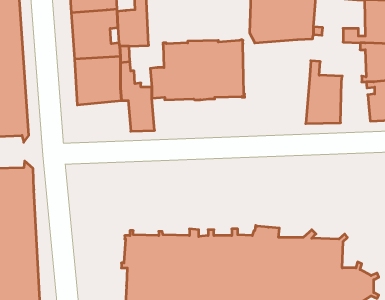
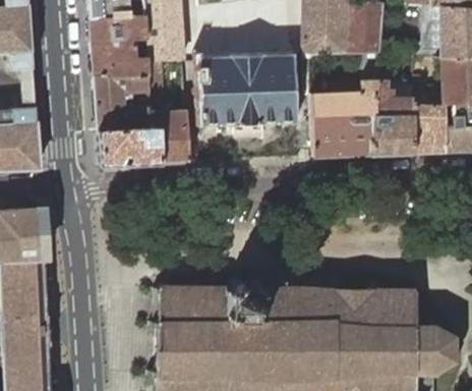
building: none -> [310,52,378,157]
building: none -> [412,82,448,153]
building: none -> [97,126,161,165]

